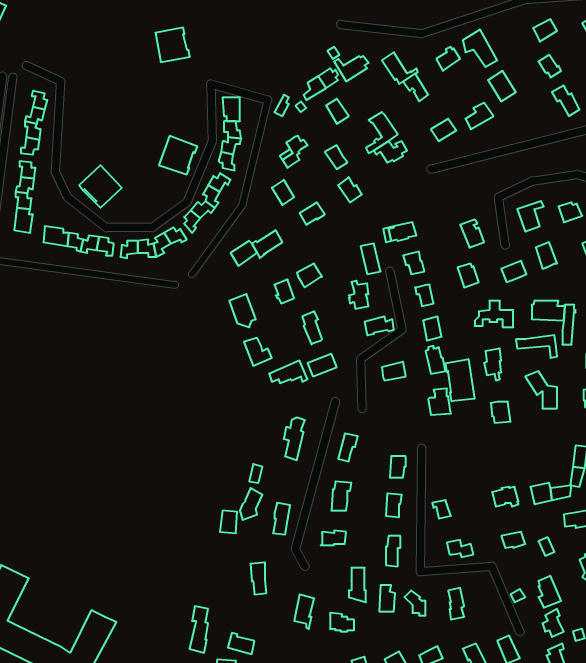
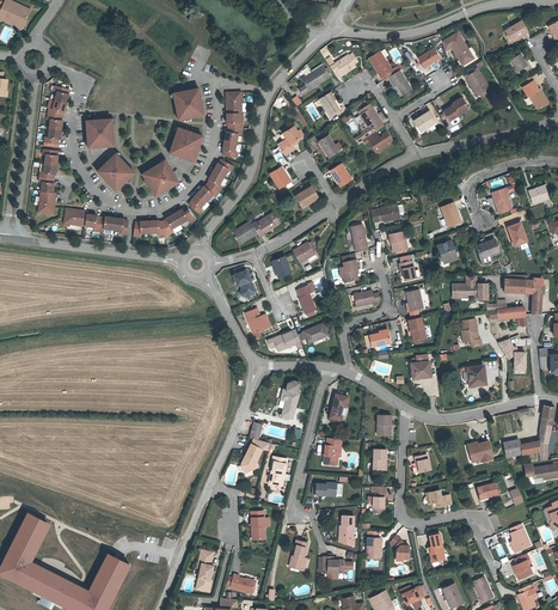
building: [155,28,190,62] -> [173,89,204,120]
building: none -> [86,118,114,147]
building: none -> [142,159,179,196]
building: [445,359,475,401] -> none

